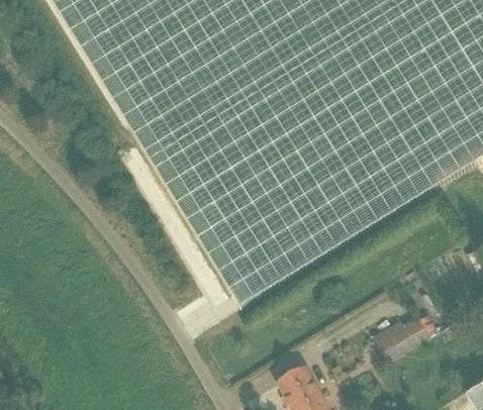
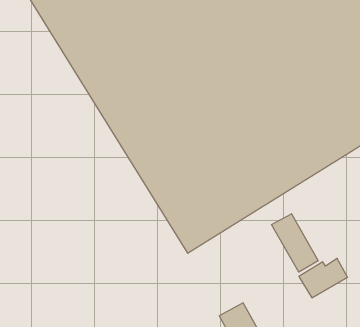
building: none -> [272,214,318,272]

